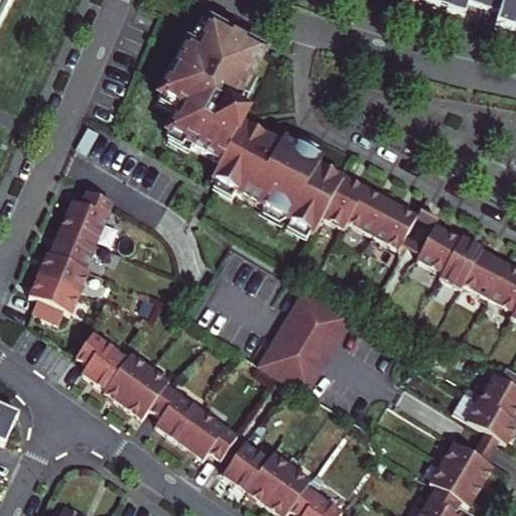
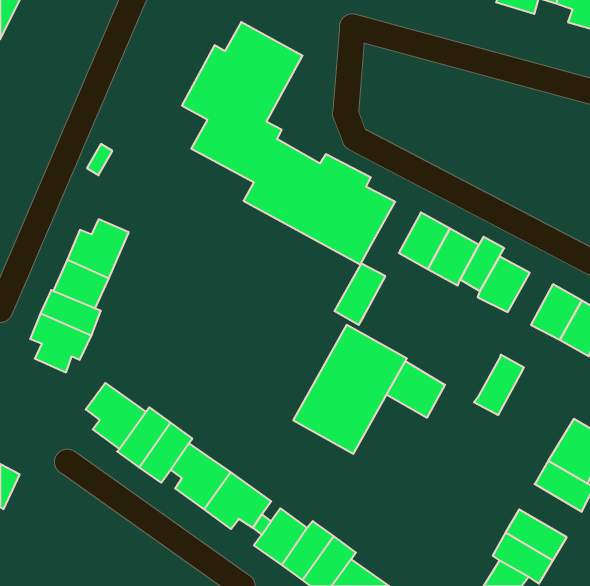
building: [324,173,368,227] -> [334,263,385,325]
building: [440,234,484,286] -> [474,355,524,415]
building: none -> [386,361,445,418]

